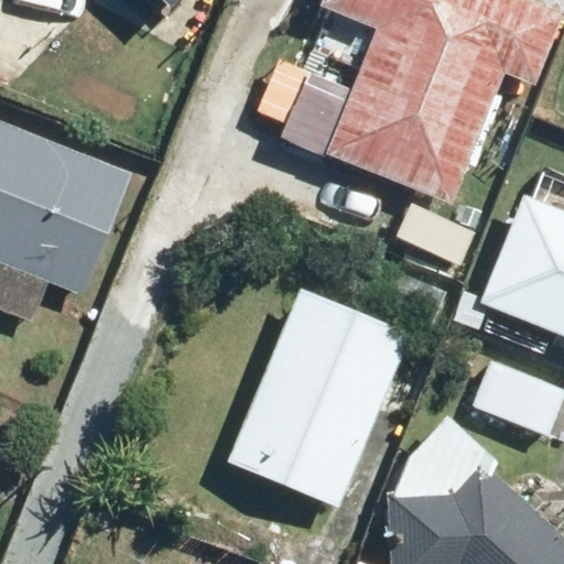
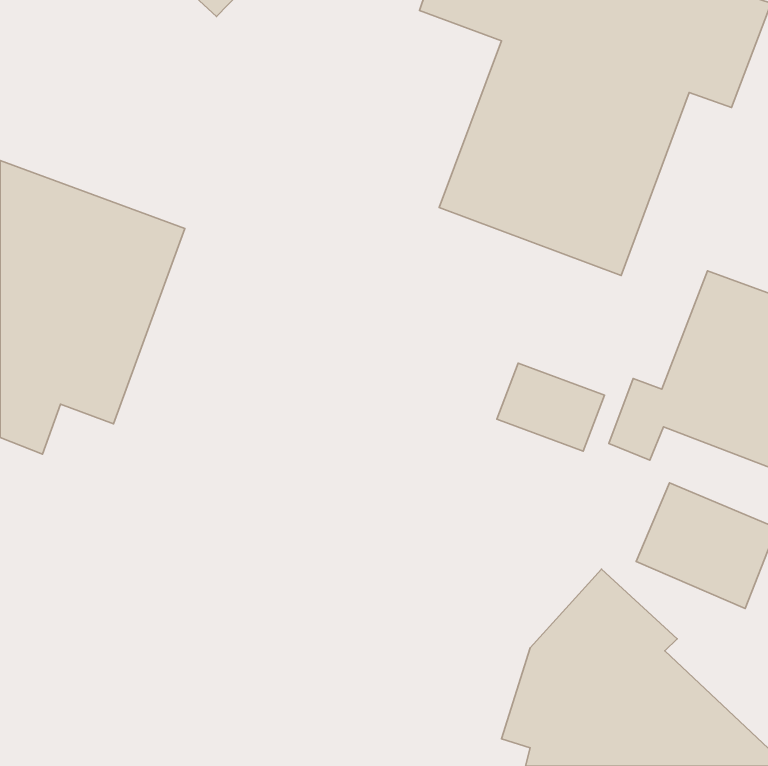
building: [226,290,408,516] -> none

